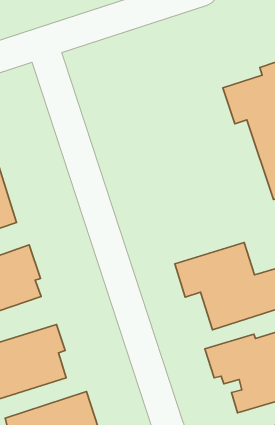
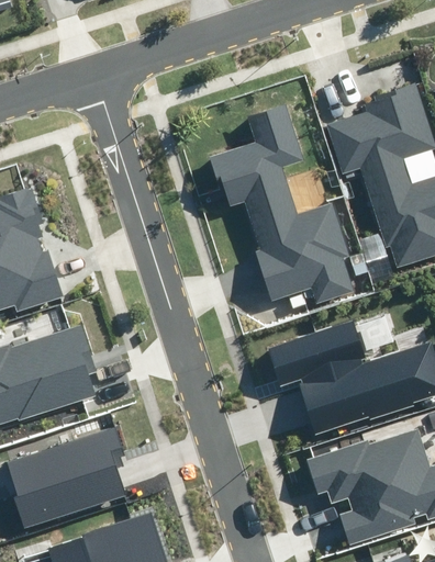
building: none -> [209,105,357,306]

